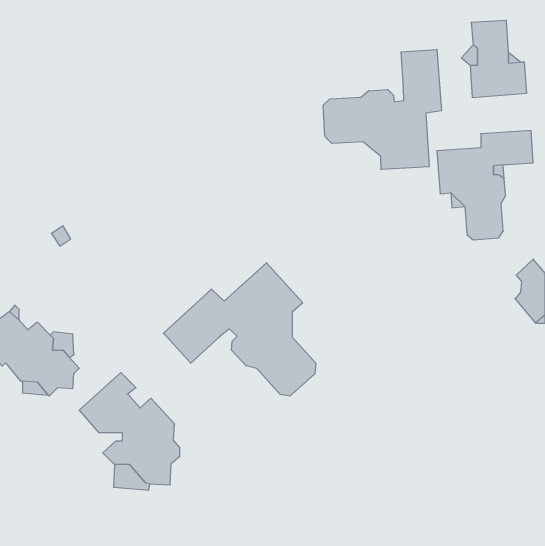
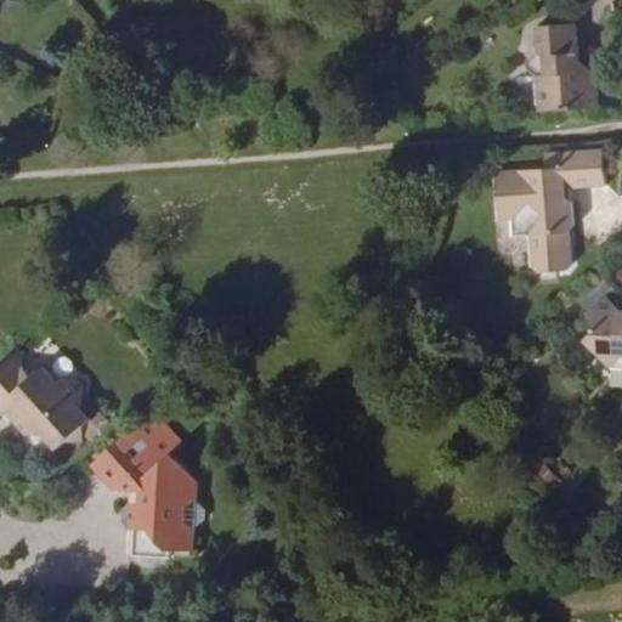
building: [323,49,441,170] -> none
building: [163,263,316,396] -> none

